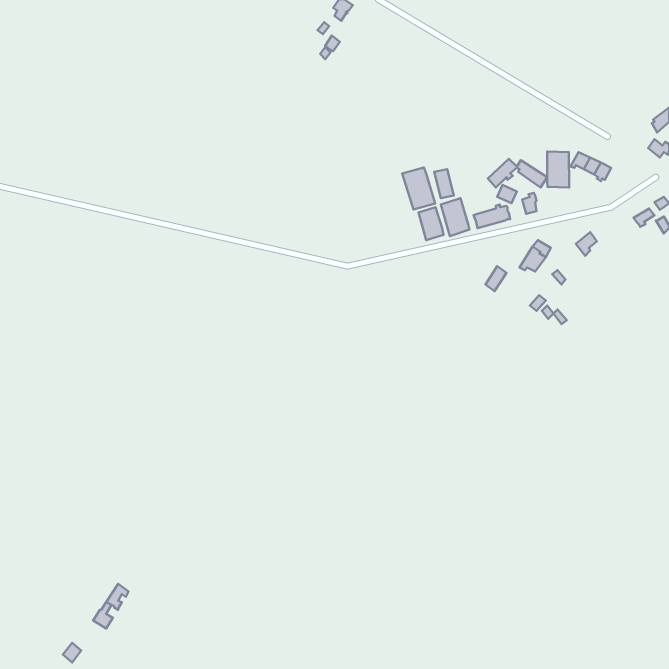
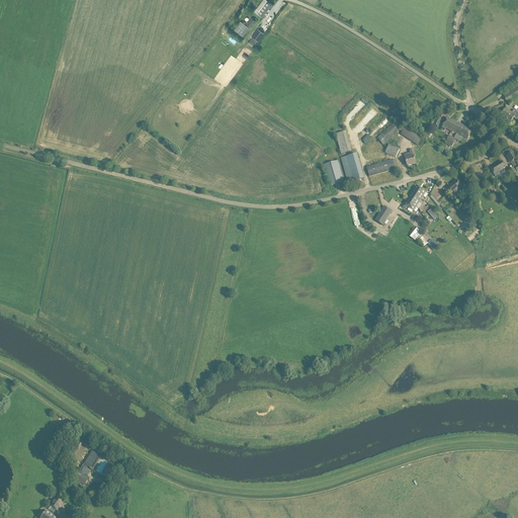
building: [547,151,569,187] -> none
building: [402,168,435,209] -> none

